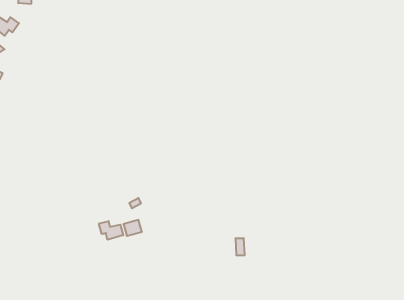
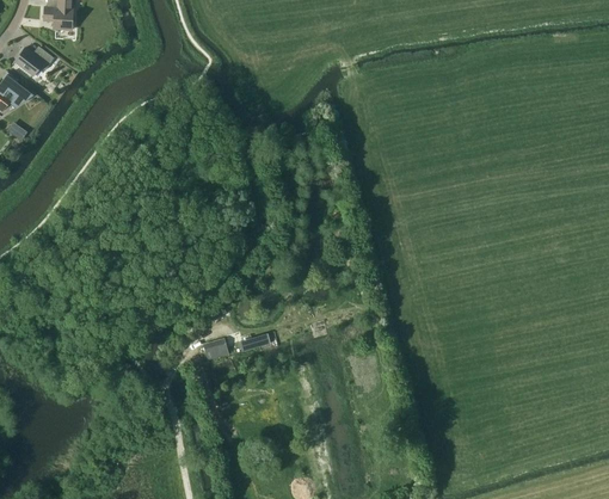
building: [99,221,123,240] -> none

